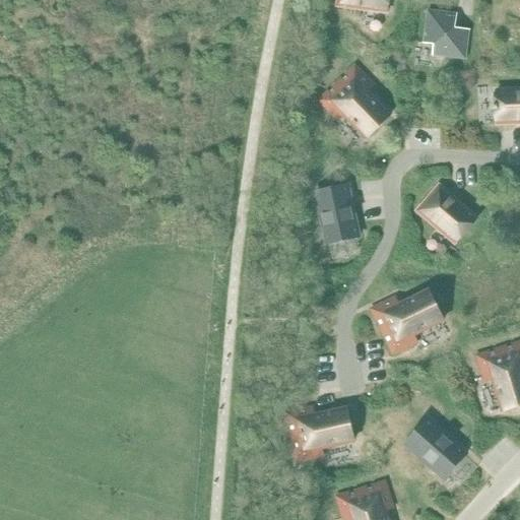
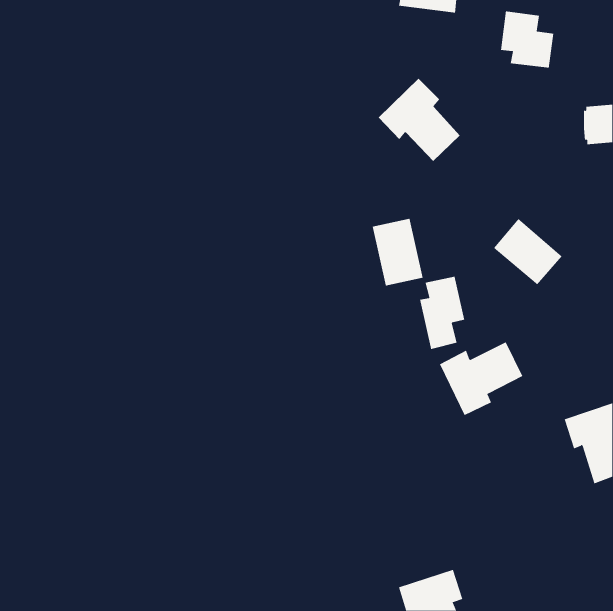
building: none -> [420,276,465,350]
building: [286,407,353,460] -> none
building: [405,418,466,477] -> none

